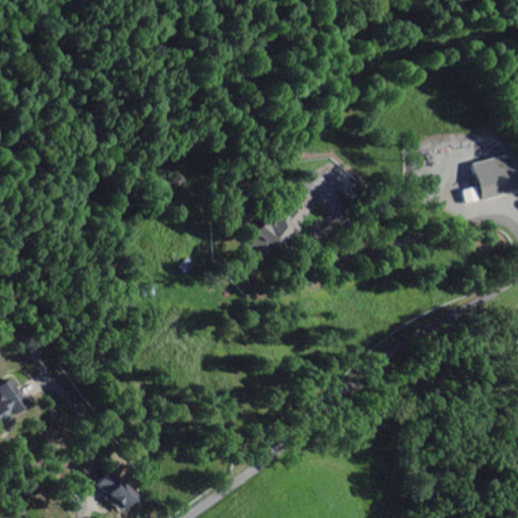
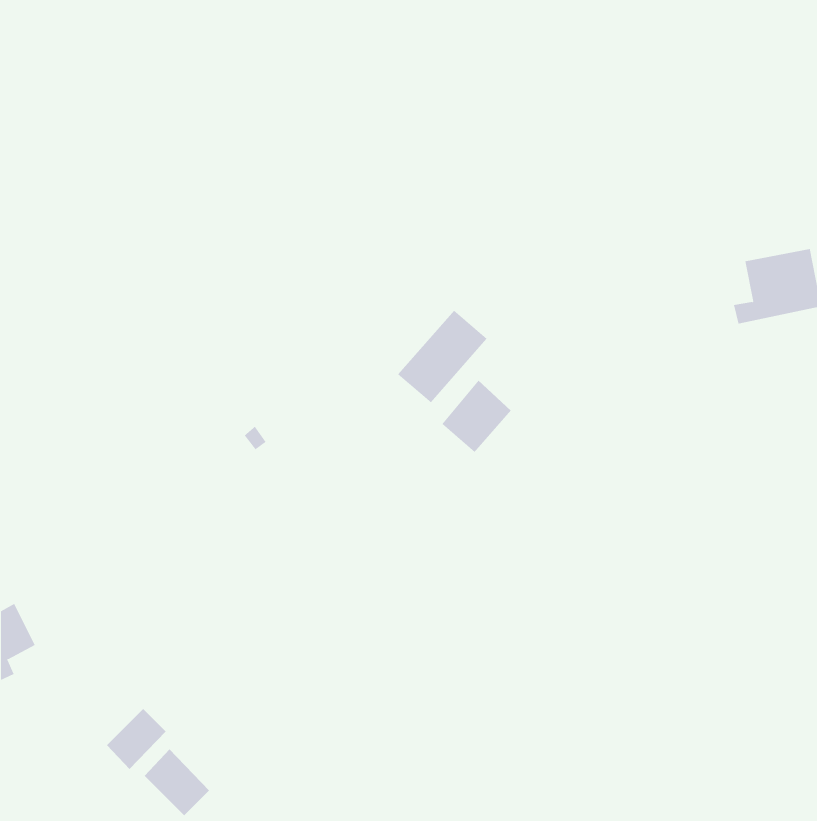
building: none -> [442,380,511,453]
building: none -> [106,708,167,770]

